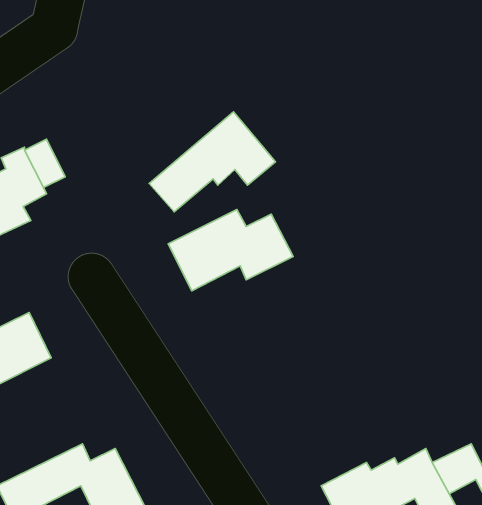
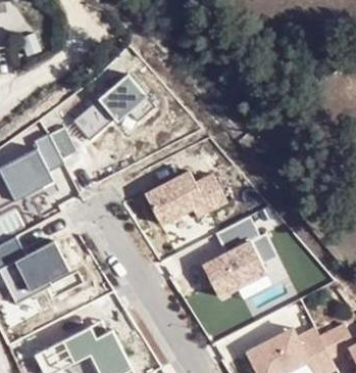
building: [149,112,276,212] -> [73,75,156,140]
building: none -> [201,218,275,298]

